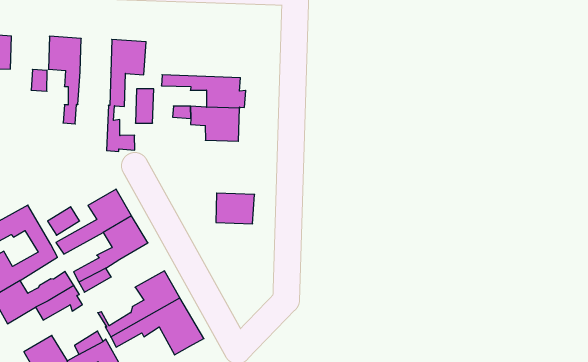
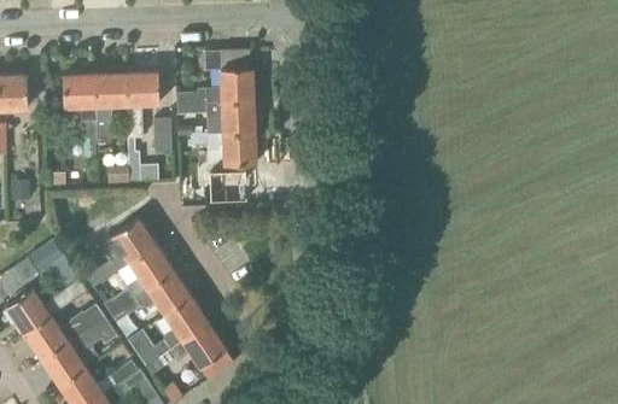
building: none -> [94,68,126,139]
building: none -> [175,69,253,104]
building: [216,193,255,224] -> [215,171,252,201]
building: none -> [147,270,192,315]
building: none -> [41,341,86,386]

